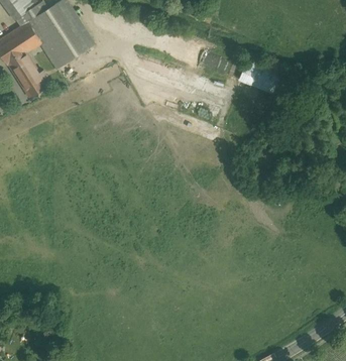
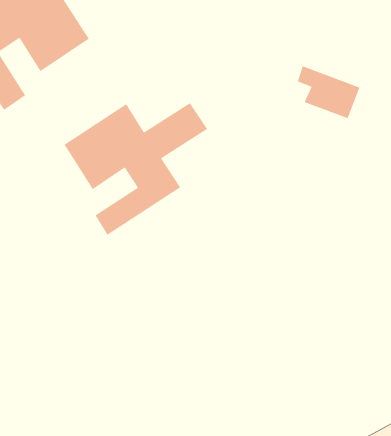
building: none -> [63,102,208,236]

